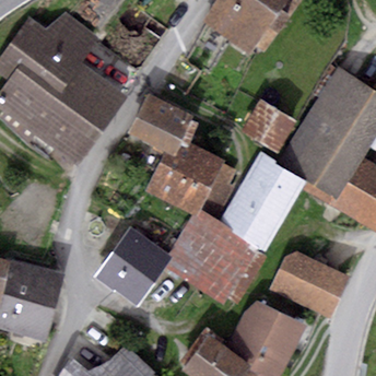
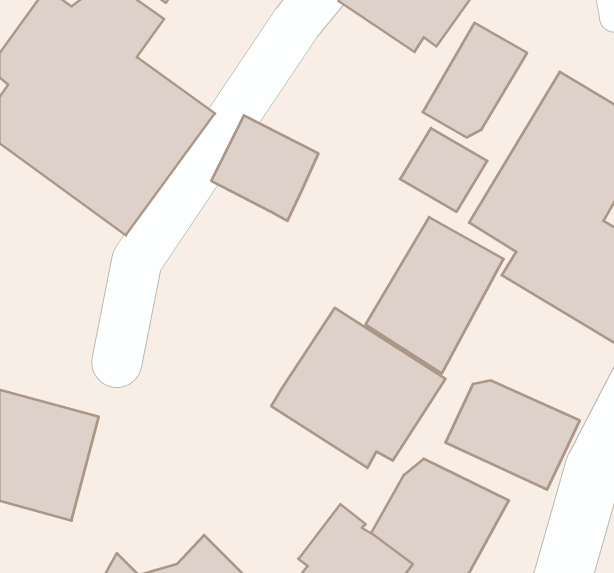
building: none -> [423,23,527,137]
building: [145,138,237,213] -> none
building: [93,226,171,306] -> none

